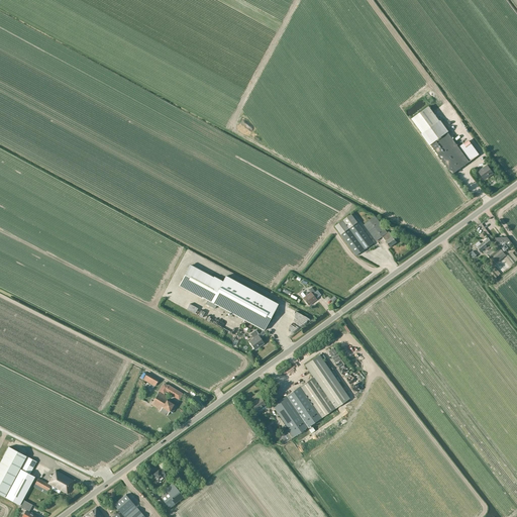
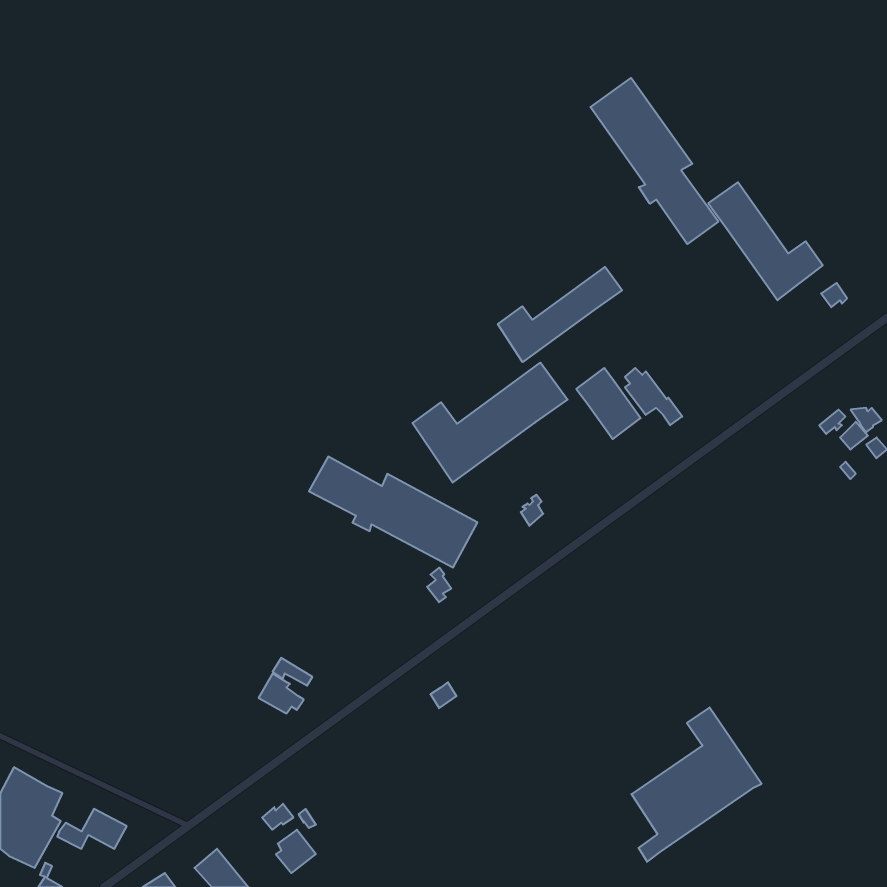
building: none -> [590,78,718,244]
building: none -> [498,267,622,362]
building: none -> [412,363,568,483]
building: [273,355,348,445] -> [631,707,762,862]

